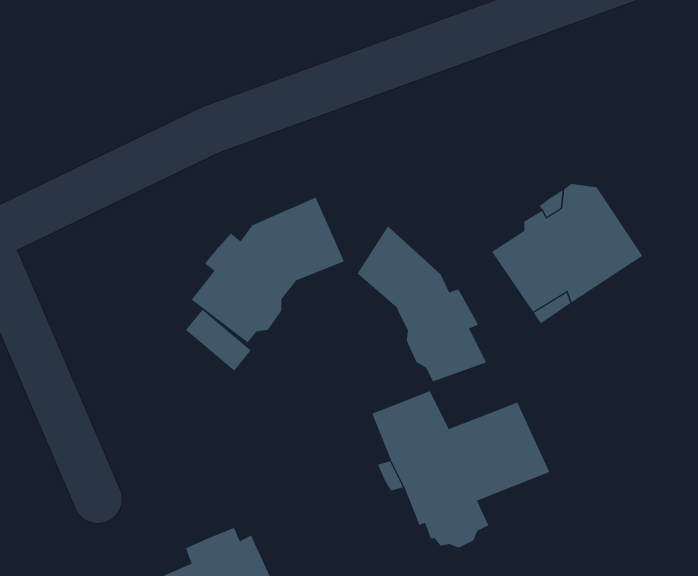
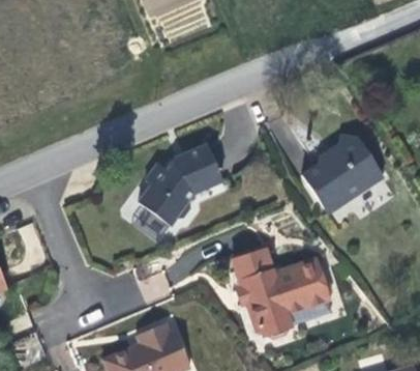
building: [357,225,487,382] -> none

